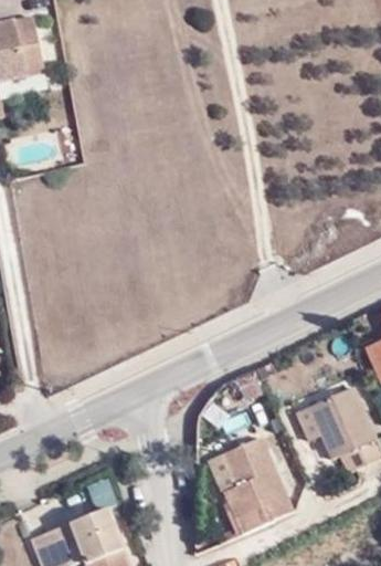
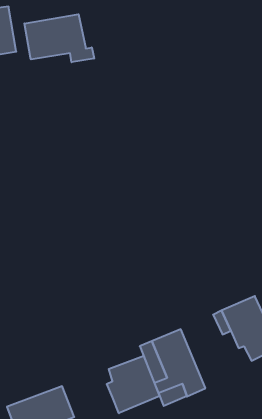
building: none -> [24,14,94,62]
building: none -> [107,356,160,413]

